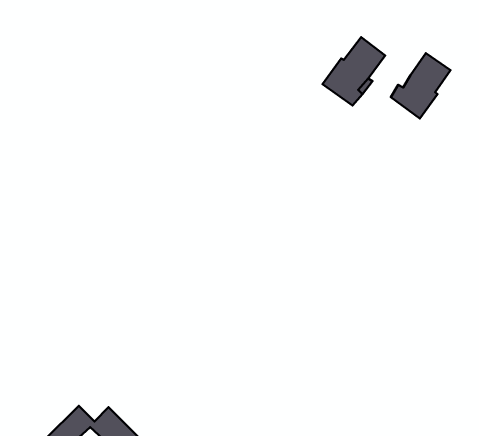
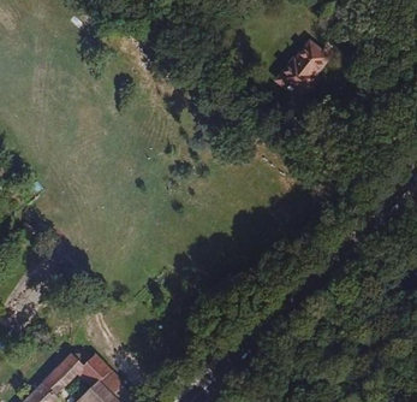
building: [391,53,450,118] -> none

